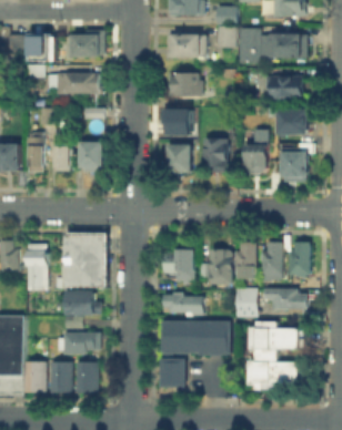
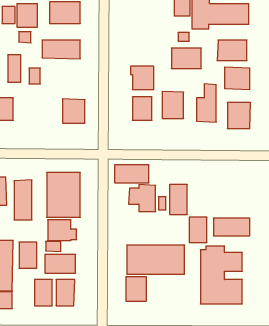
building: [171,33,204,58] -> none
building: [167,72,202,96] -> [171,48,201,69]
building: [32,139,48,171] -> [8,55,21,82]
building: [60,147,79,174] -> none
building: [233,242,254,278] -> none
building: [286,242,310,275] -> none
building: [261,243,282,280] -> none
building: [161,294,202,315] -> [115,165,149,183]
building: [24,361,46,392] -> [19,242,37,268]

